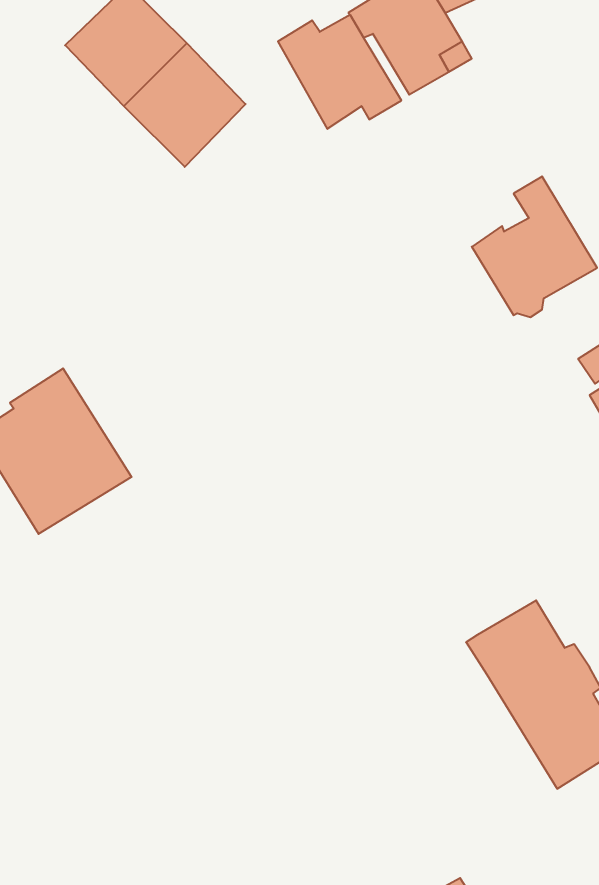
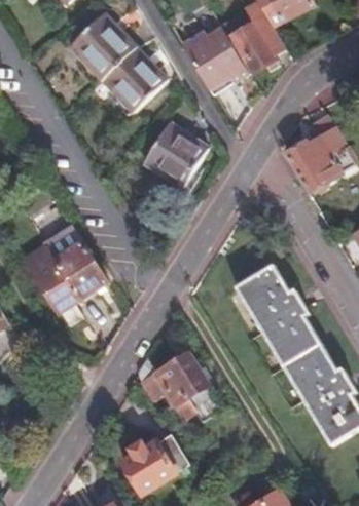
building: none -> [143,121,206,184]
building: none -> [236,264,323,366]
building: none -> [137,350,222,423]
building: none -> [124,431,188,491]

